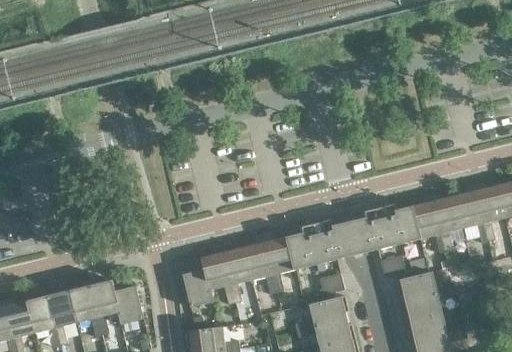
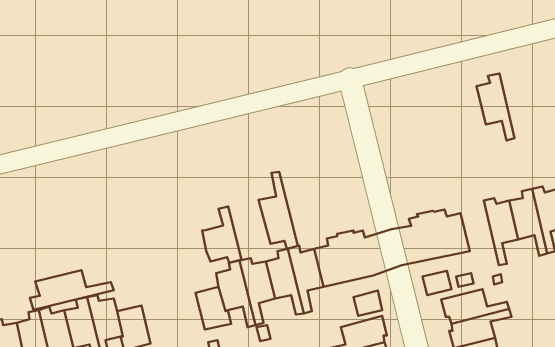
building: none -> [259,172,298,249]
building: [412,196,445,254] -> [476,74,514,141]
building: none -> [202,206,241,263]
building: none -> [30,270,114,310]

